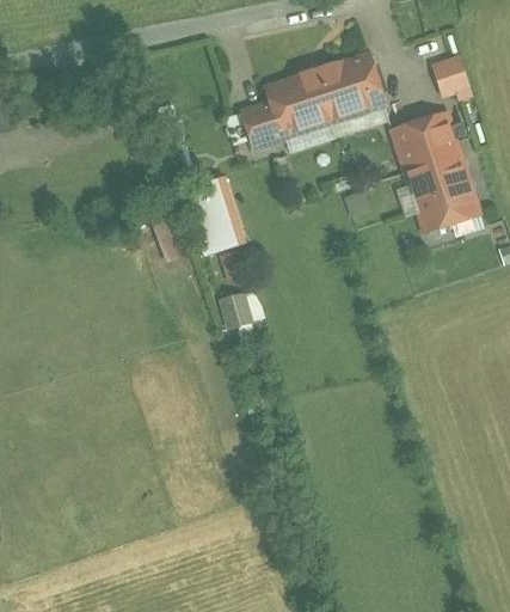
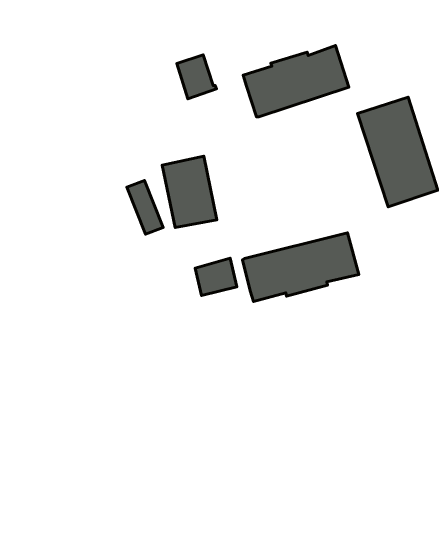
building: [426,53,471,100] -> none
building: [245,99,288,147] -> [177,55,216,99]
building: none -> [242,233,359,302]

